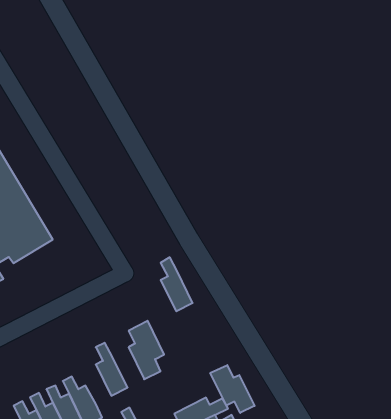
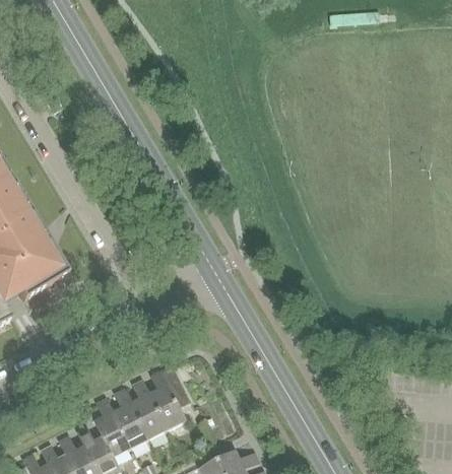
building: [161,257,193,311] -> [132,378,168,437]
building: none -> [94,396,131,456]
building: [210,365,255,413] -> none

